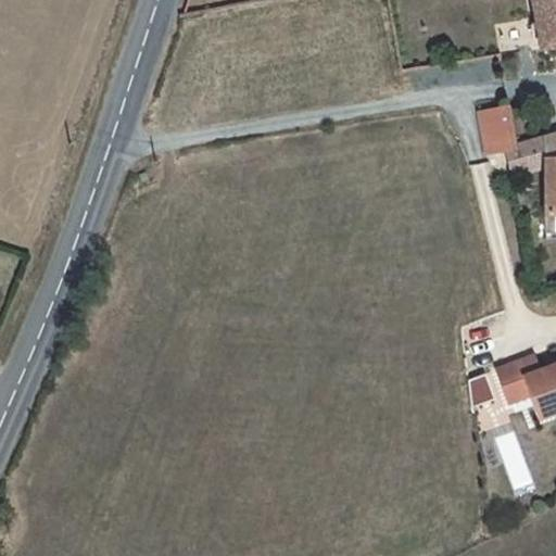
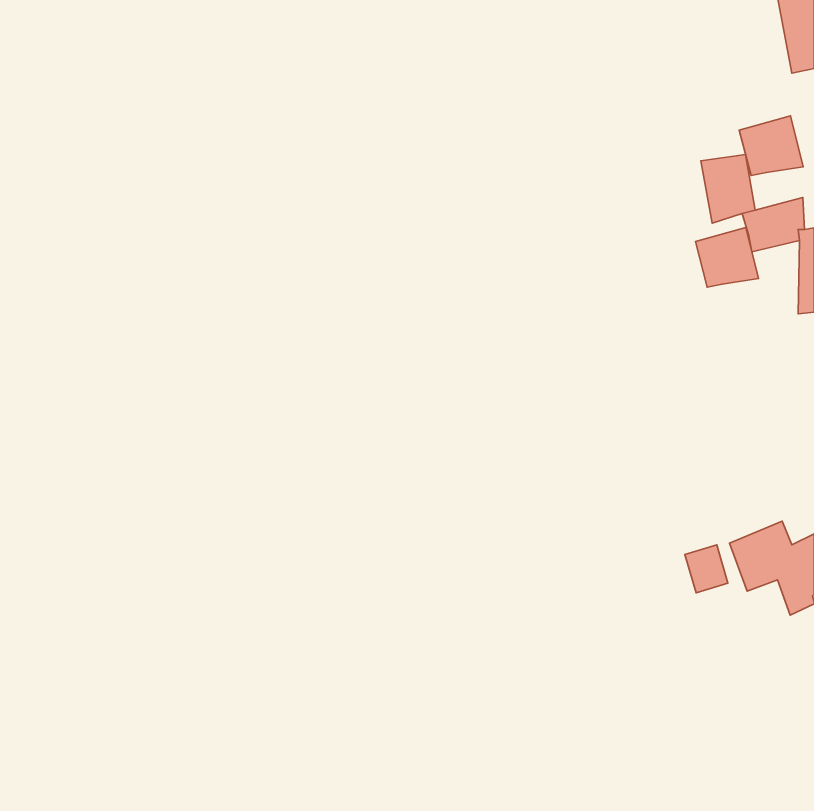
building: none -> [739,116,803,176]
building: none -> [695,227,759,287]

